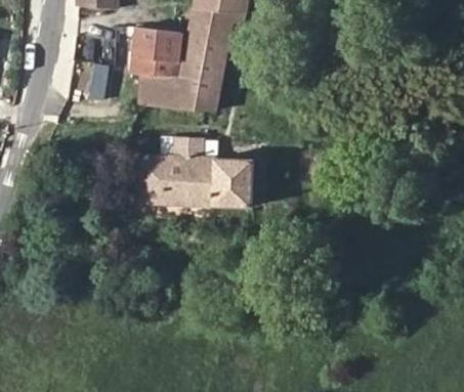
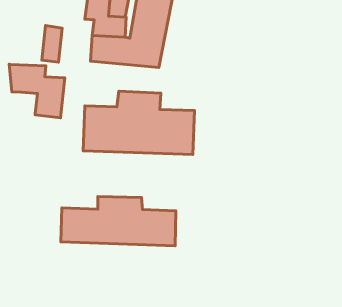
building: none -> [9,64,65,118]
building: none -> [61,196,176,246]

